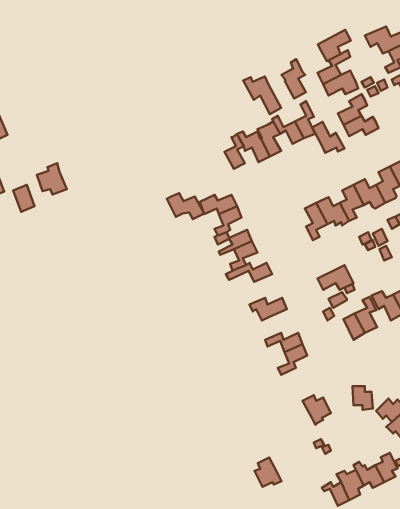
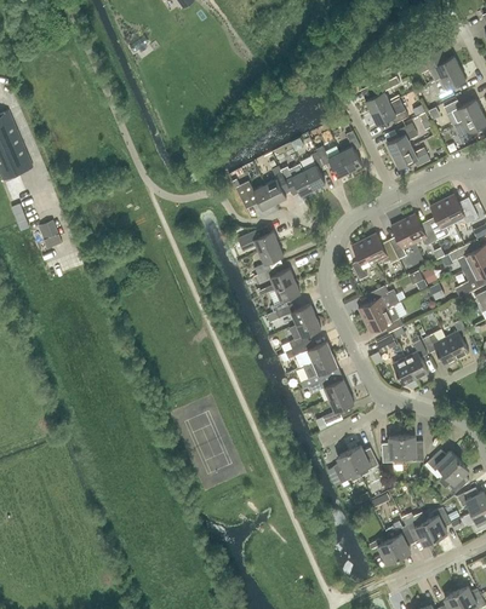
building: [318,30,351,61] -> none
building: [281,59,306,98] -> none
building: [243,76,281,114] -> none
building: [312,122,344,153] -> none
building: [37,163,67,194] -> none
building: [167,193,204,219] -> [234,180,274,208]
building: none -> [358,285,399,320]
building: none -> [288,315,320,347]
building: none -> [299,352,337,387]
building: none -> [381,435,402,464]
building: [254,457,282,487] -> [332,450,361,482]

